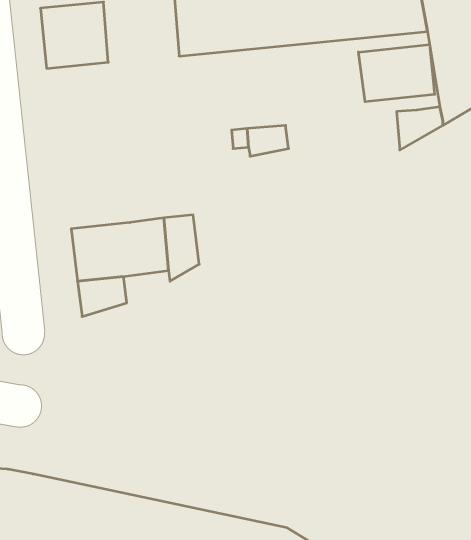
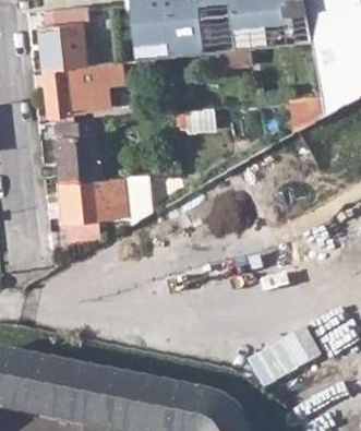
building: [358,44,435,102] -> none
building: none -> [41,62,122,113]
building: none -> [52,119,100,183]

